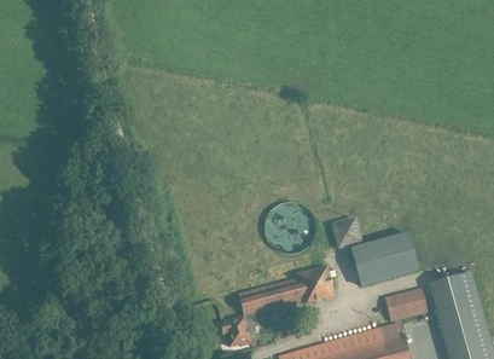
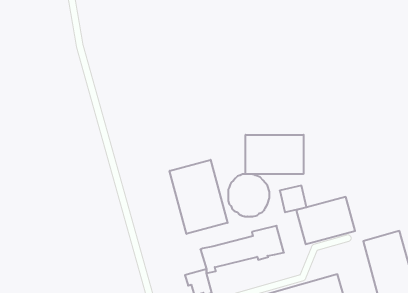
building: none -> [246,135,304,174]
building: none -> [170,160,228,234]
building: [384,289,428,322] -> none

